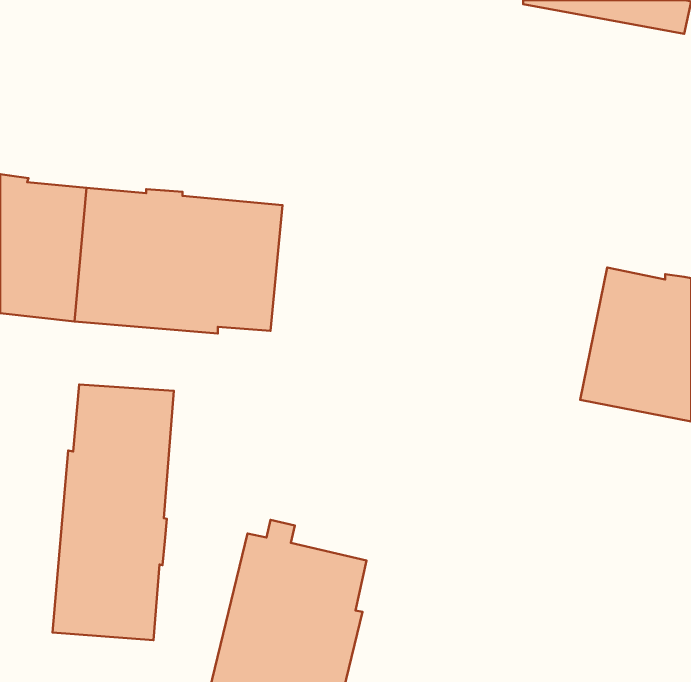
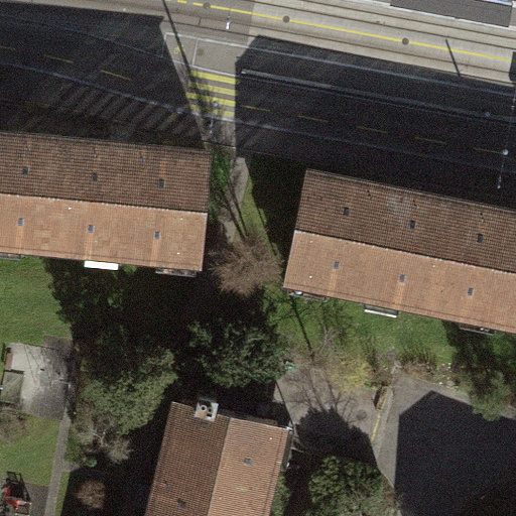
building: none -> [290,177,453,304]
building: [53,385,174,640] -> none

